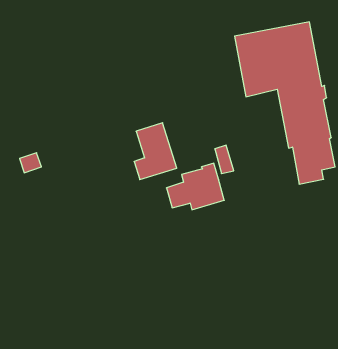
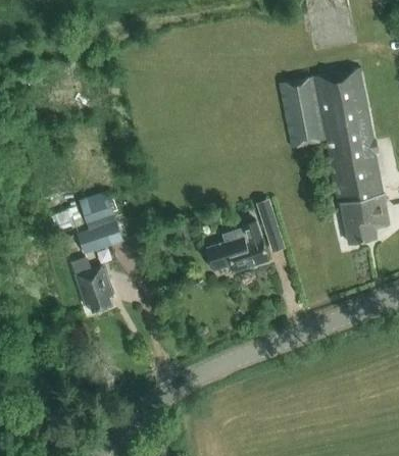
building: [134,123,177,180] -> [78,192,123,253]
building: none -> [71,259,112,312]

